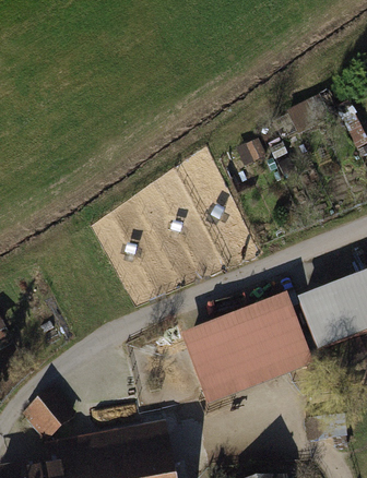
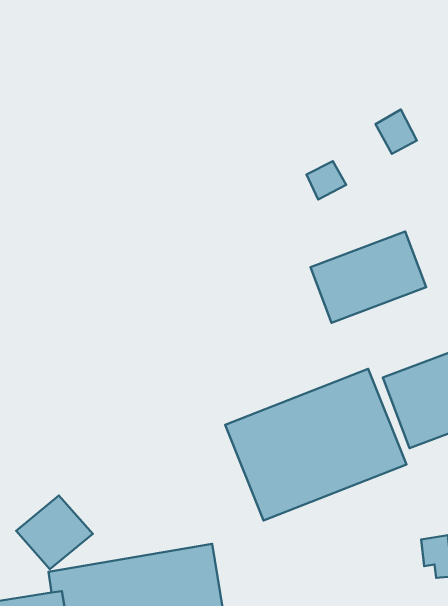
building: none -> [310,231,426,323]

